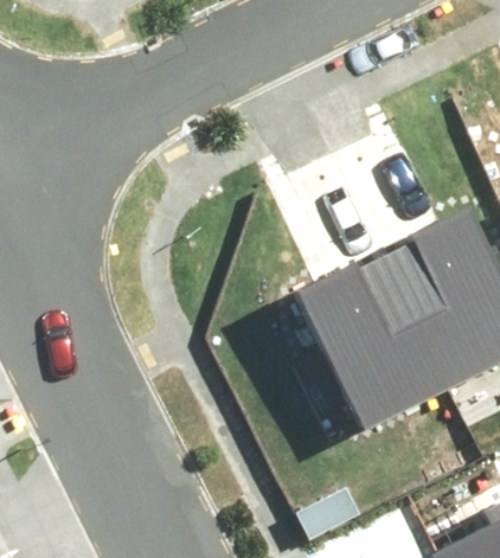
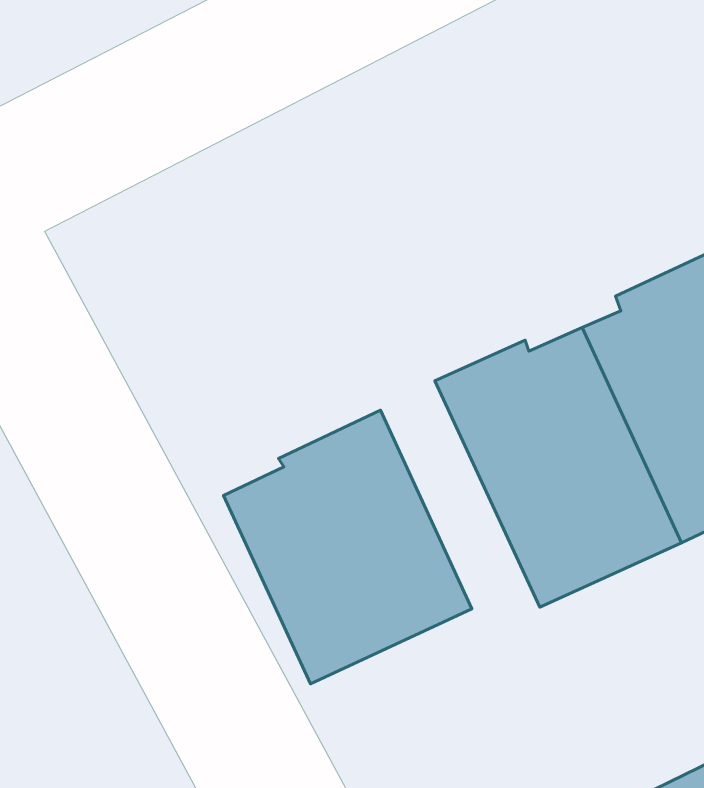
building: none -> [223,410,472,684]

